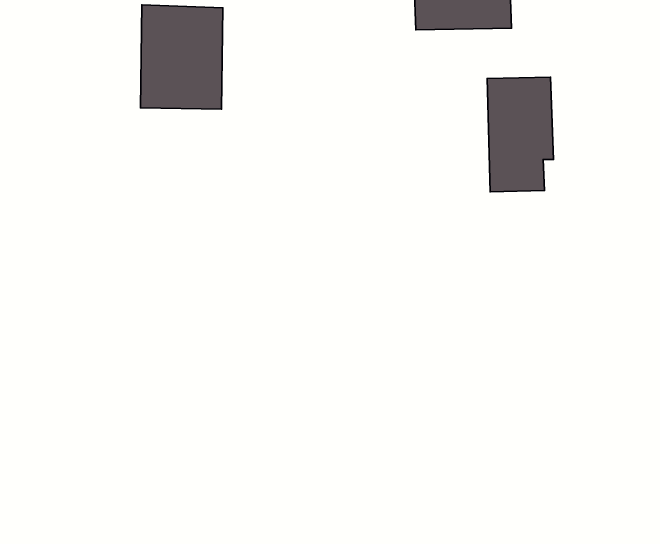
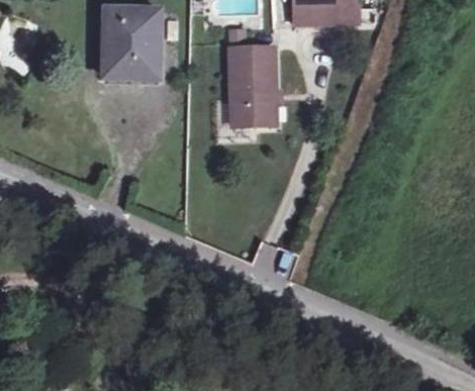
building: [487,77,553,192] -> [226,47,272,126]

